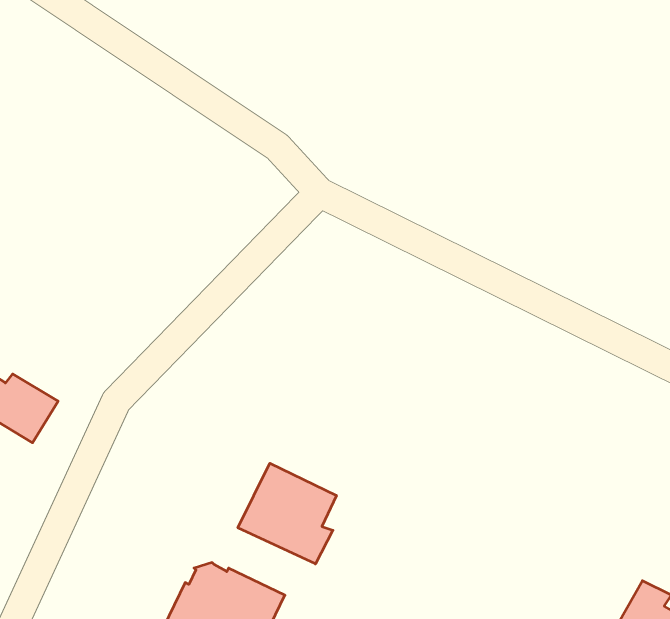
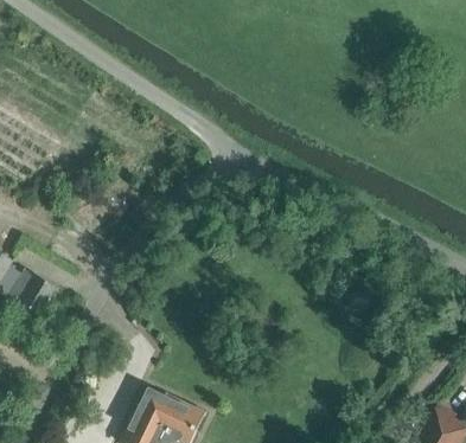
building: [238,463,336,564] -> none

